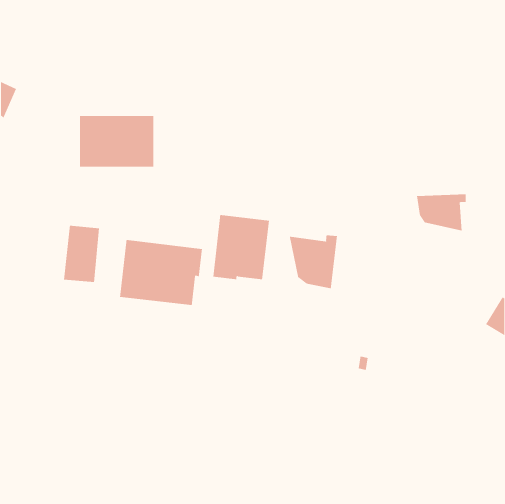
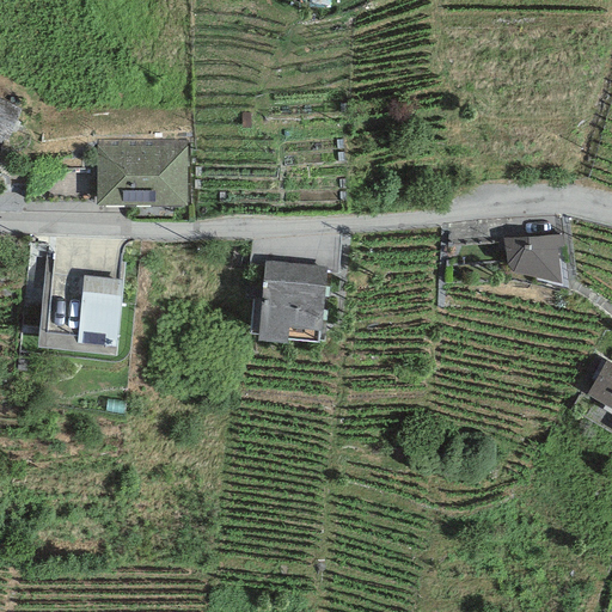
building: [289,235,337,289] -> none
building: [119,239,202,306] -> none

